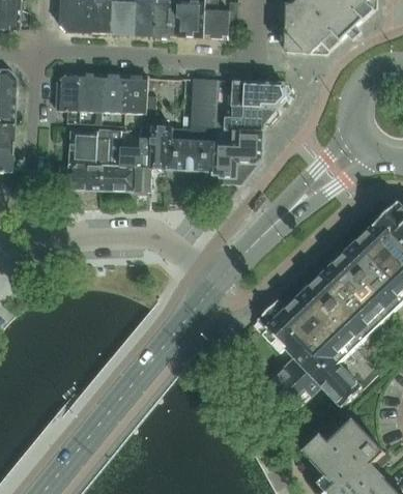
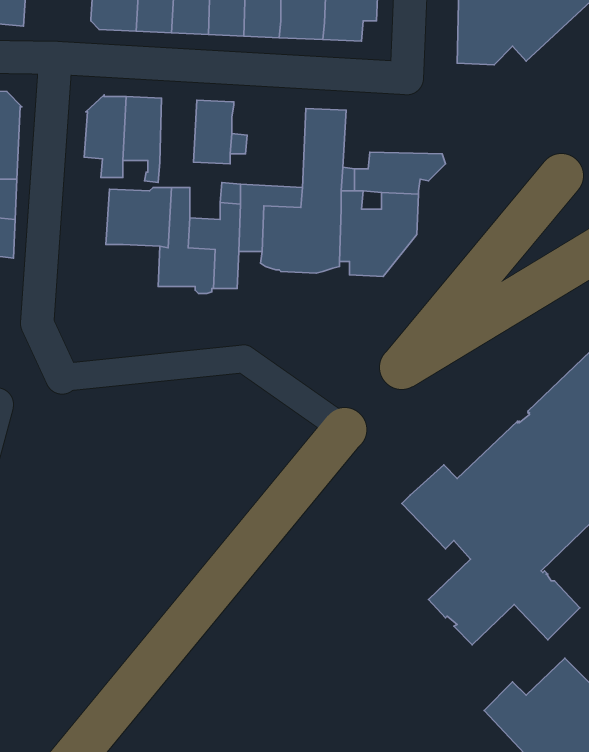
building: [102,74,124,113] -> none
building: [231,80,286,108] -> none
building: [52,163,102,190] -> none

